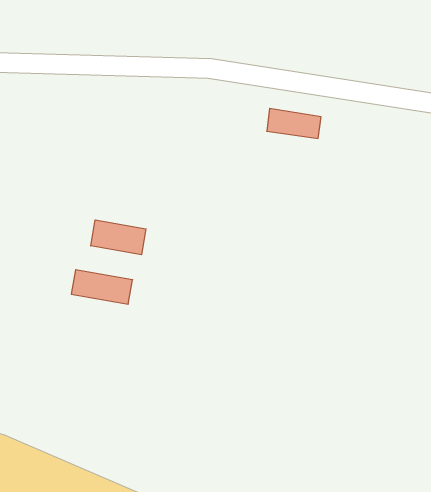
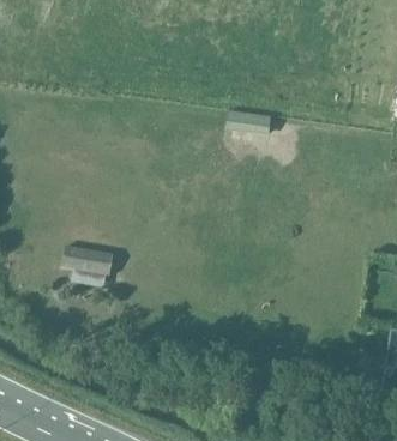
building: [91,220,146,255] -> none

